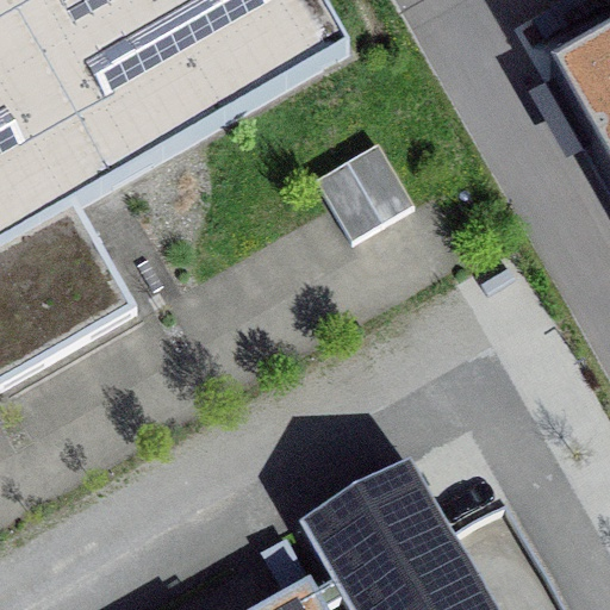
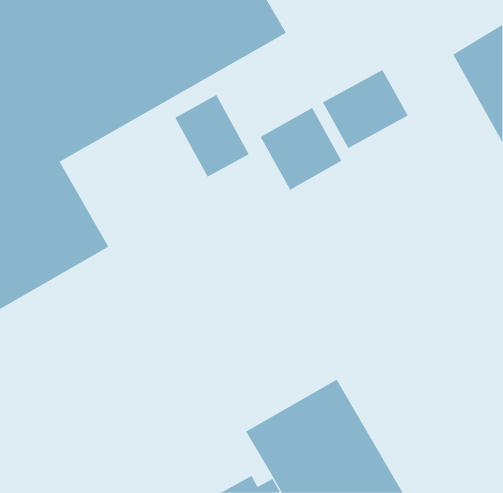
building: none -> [322,69,408,149]
building: none -> [175,94,249,178]

